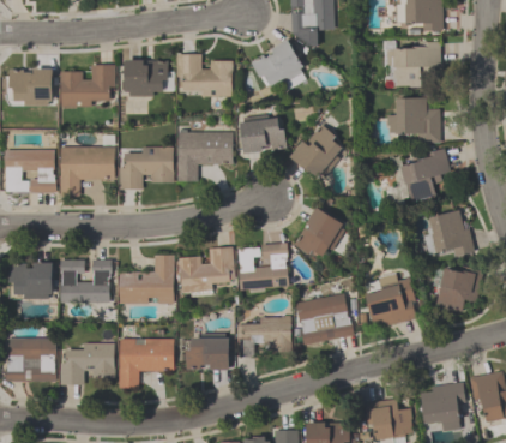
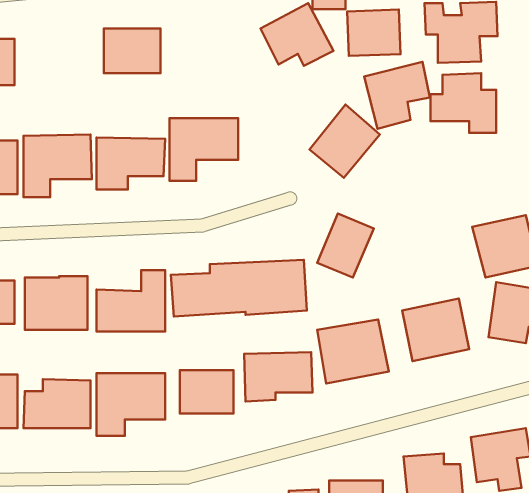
building: none -> [347,10,401,56]
building: [177,53,233,95] -> none
building: [61,64,115,104] -> none
building: [240,119,285,152] -> none
building: [399,149,452,203] -> [364,62,430,129]

